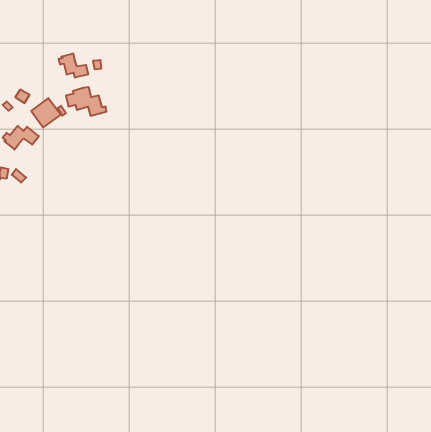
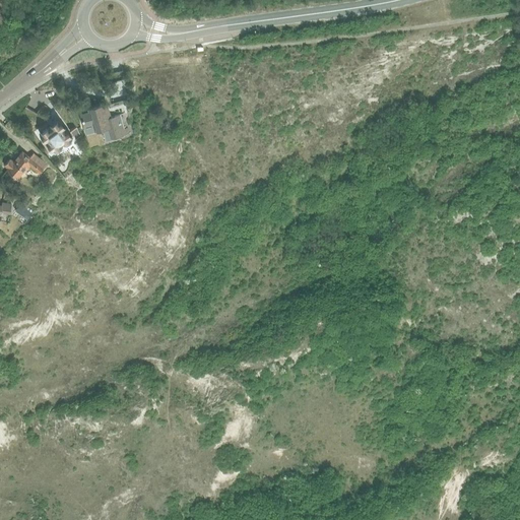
building: [59,53,88,78] -> none

